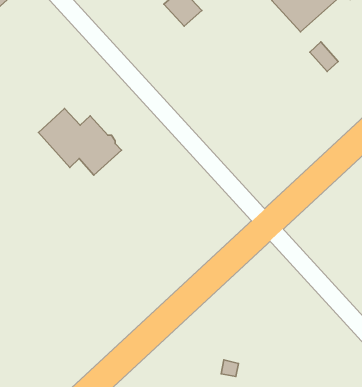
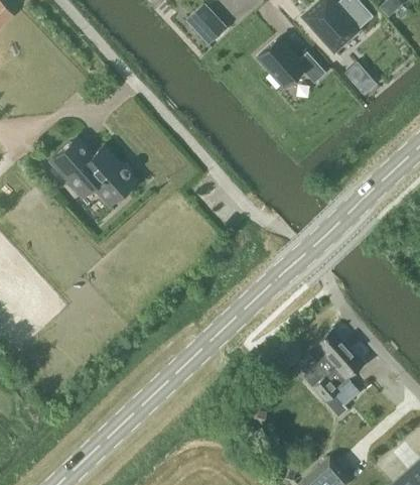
building: none -> [258,39,325,87]
building: none -> [303,329,363,403]

